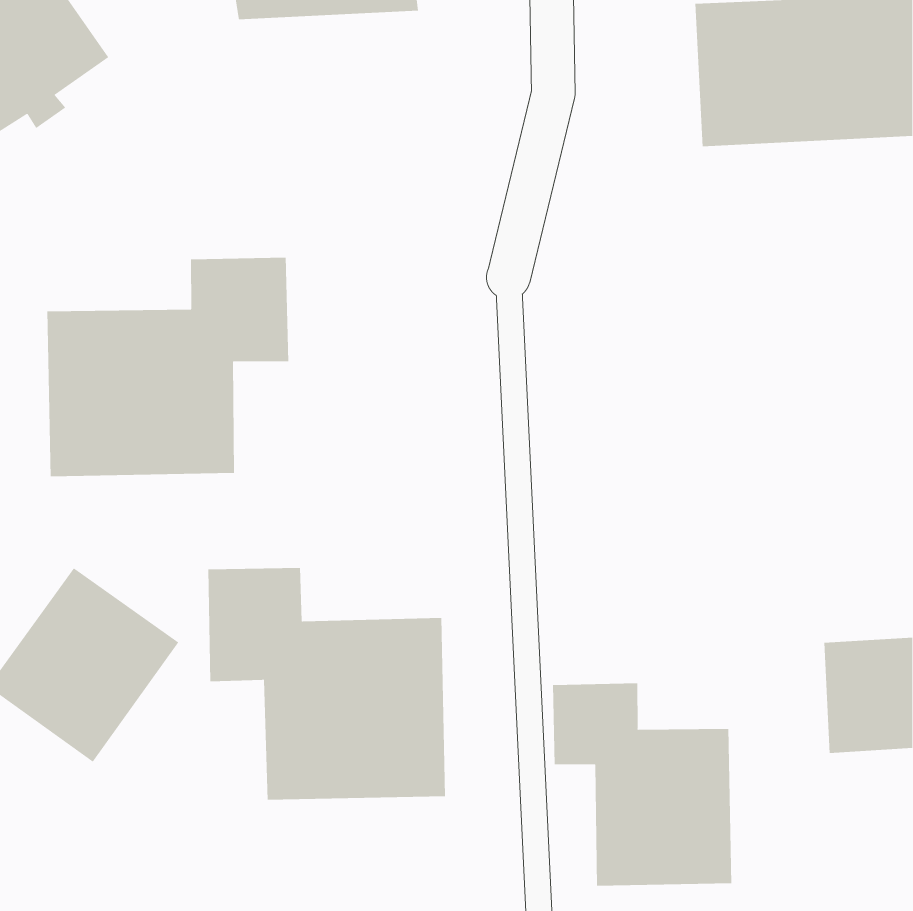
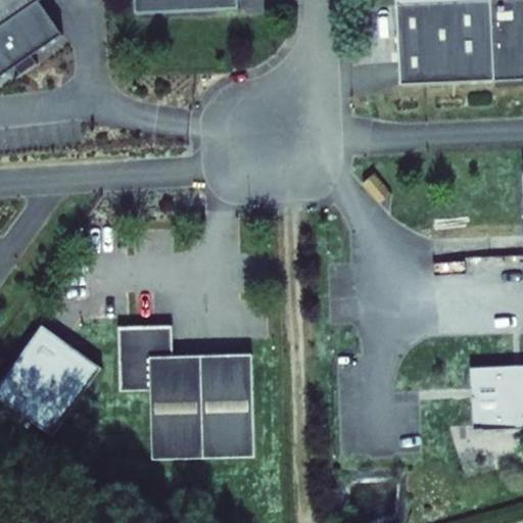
building: [47,257,289,477] -> none
building: [553,682,732,886] -> none

